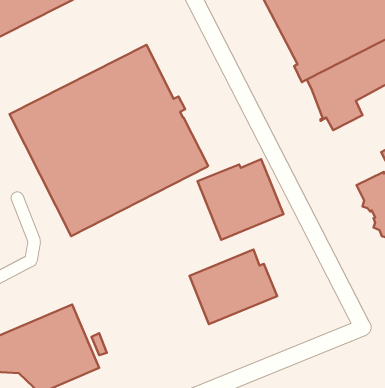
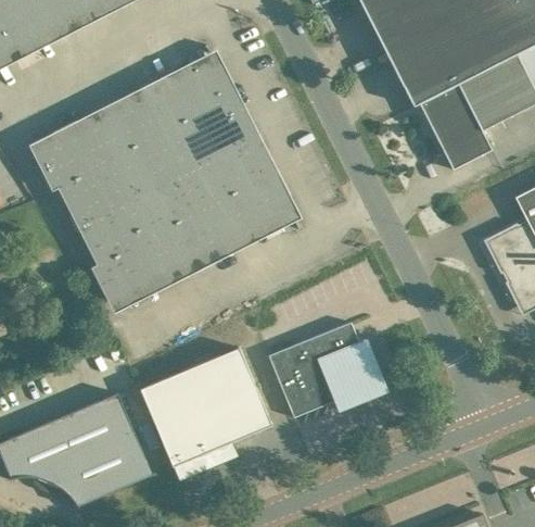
building: [197,159,283,240] -> none
building: none -> [139,347,271,480]

